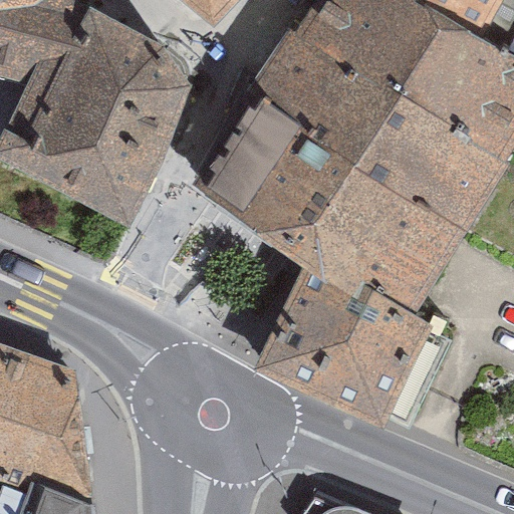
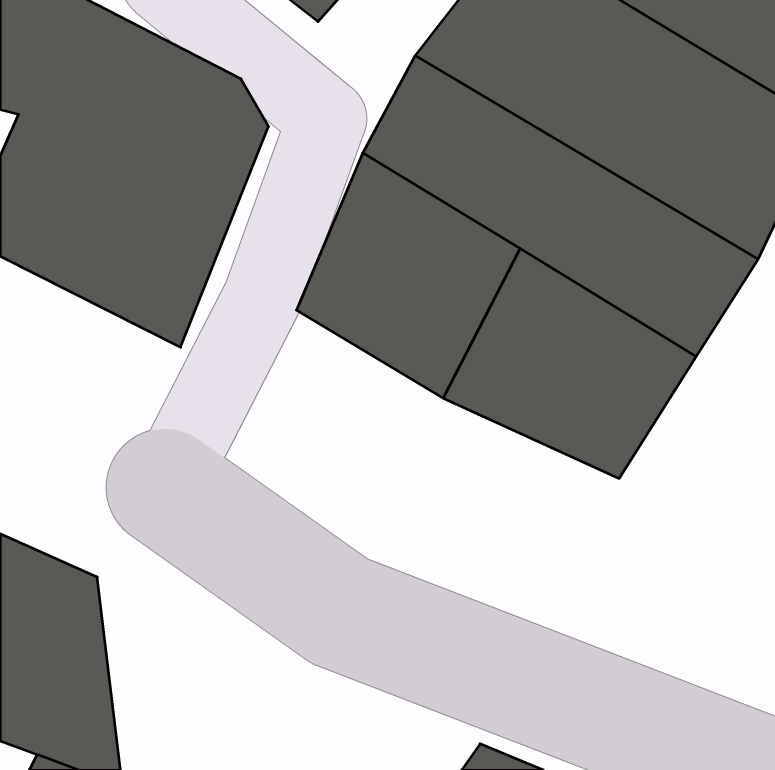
building: [265,259,451,425] -> none

